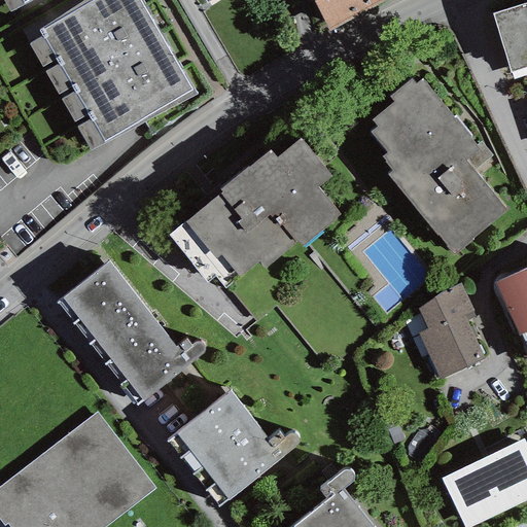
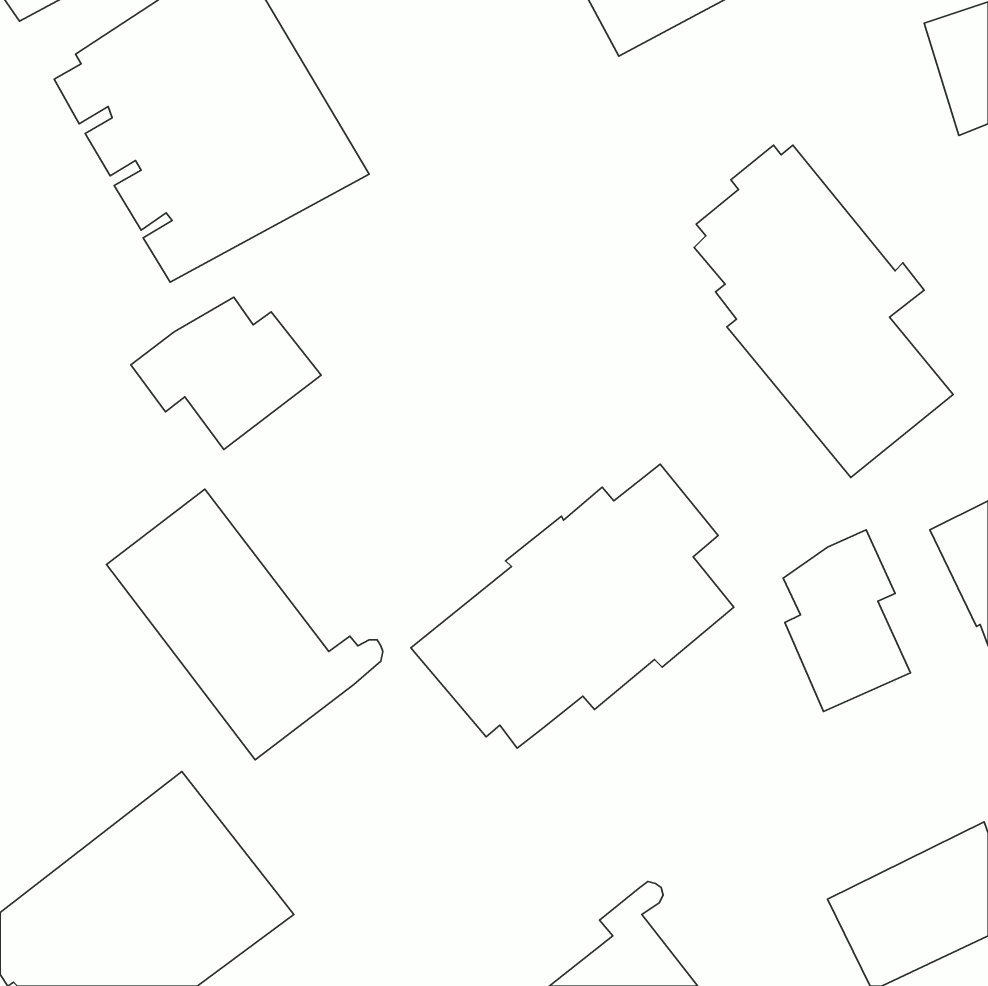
building: [168,137,340,288] -> [411,464,734,748]
building: none -> [131,297,321,450]
building: [167,391,300,506] -> none

